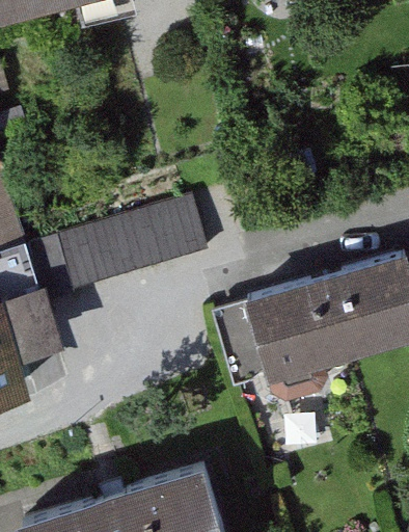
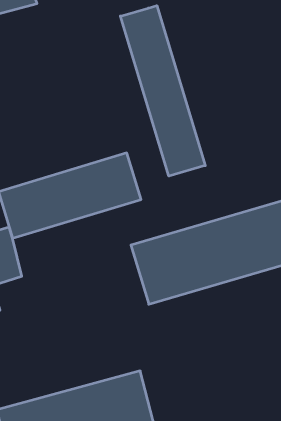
building: none -> [120,6,205,176]

